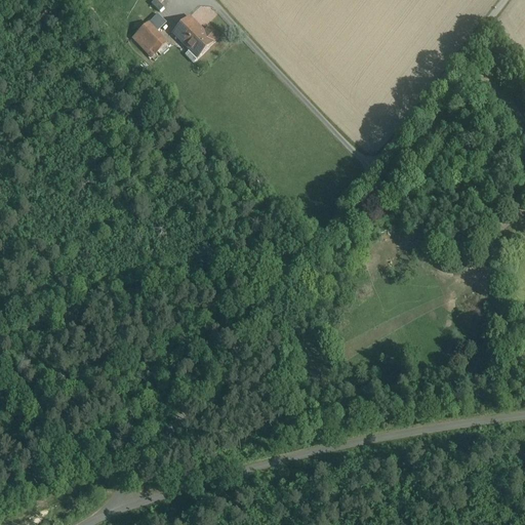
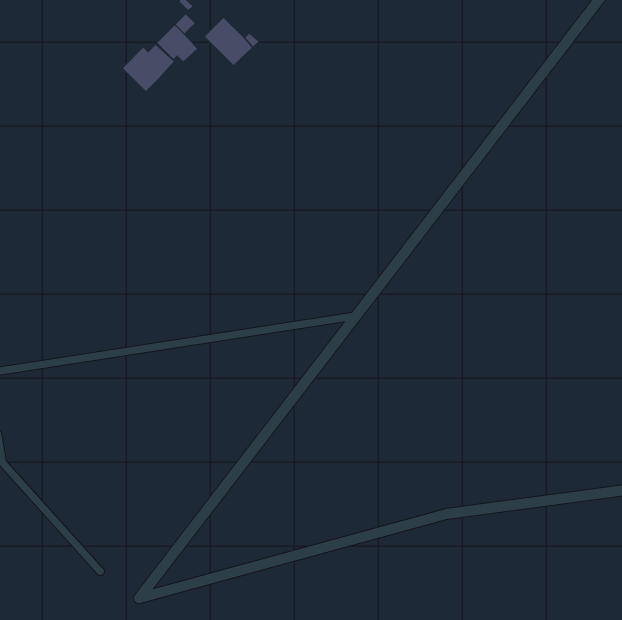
building: none -> [122,44,175,92]

